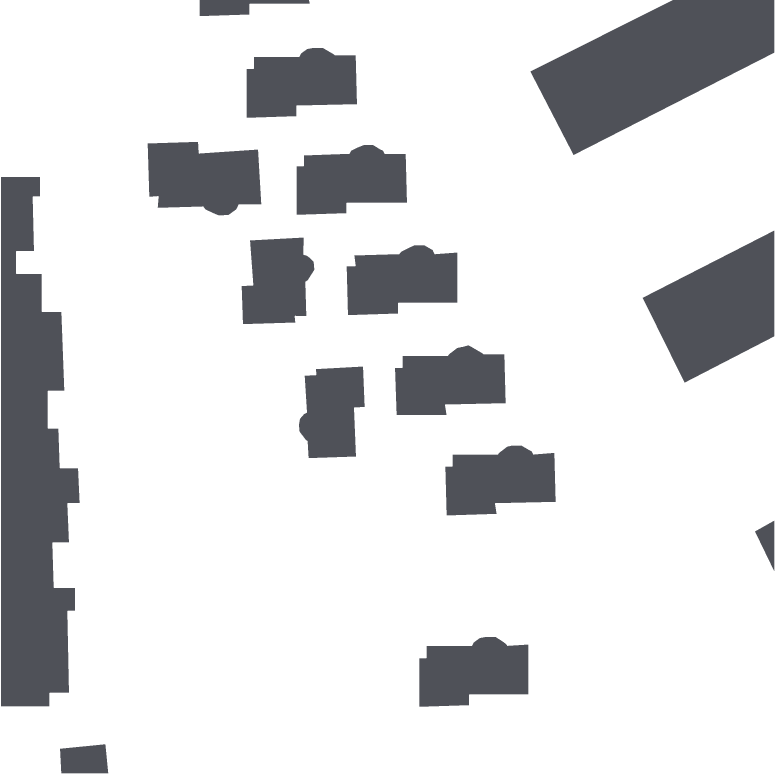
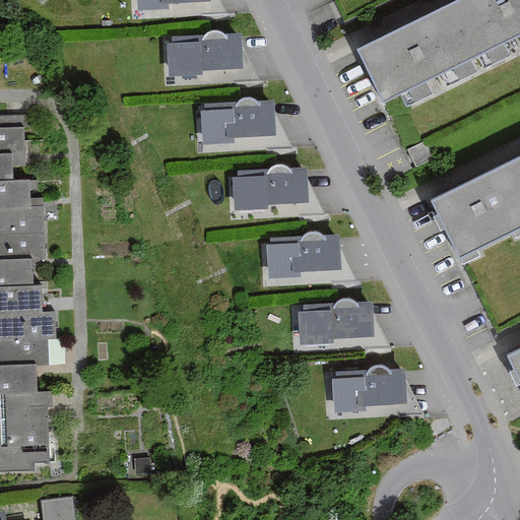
building: [147,141,262,216] -> none
building: [241,237,315,325] -> none
building: [298,366,365,459] -> none
building: [418,636,529,707] -> [330,365,404,412]

